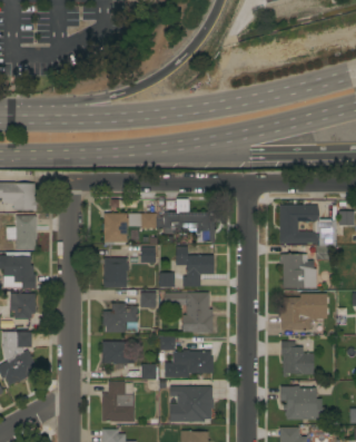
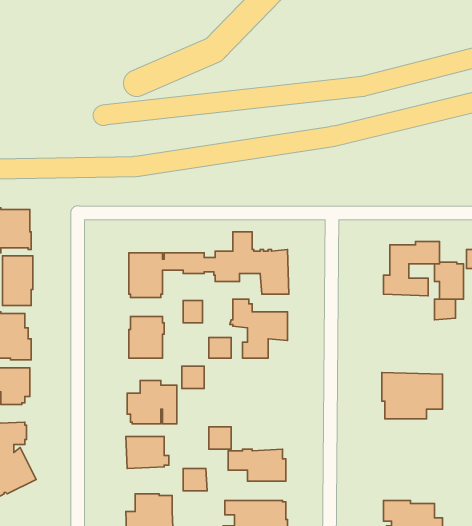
building: [280,254,316,288] -> none
building: [165,293,212,333] -> none
building: [280,342,313,376] -> none

